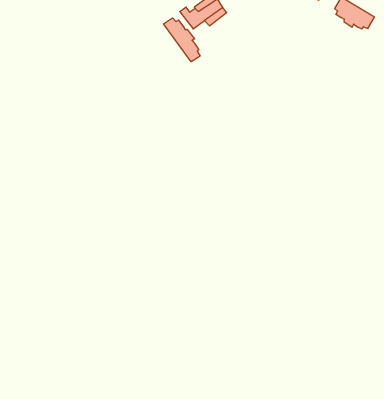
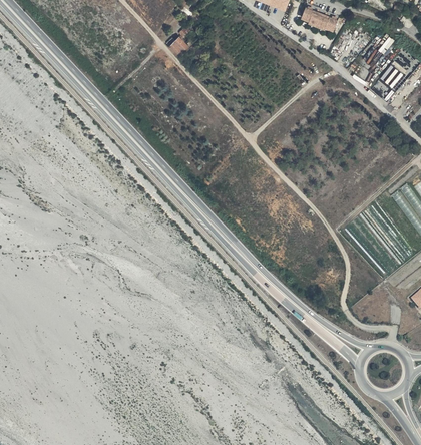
building: [164,18,200,62] -> none

